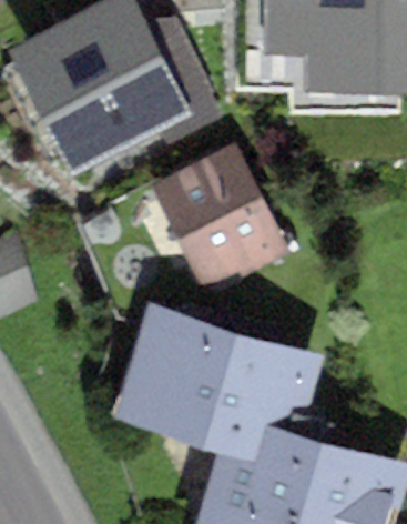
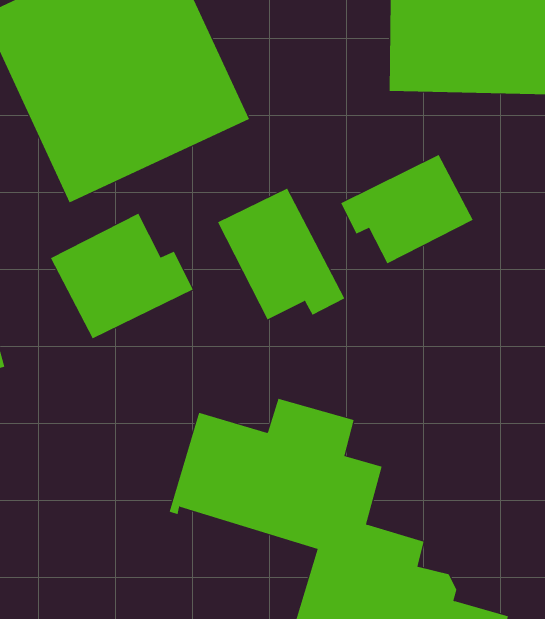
building: none -> [341,154,474,264]
building: none -> [50,213,193,339]

